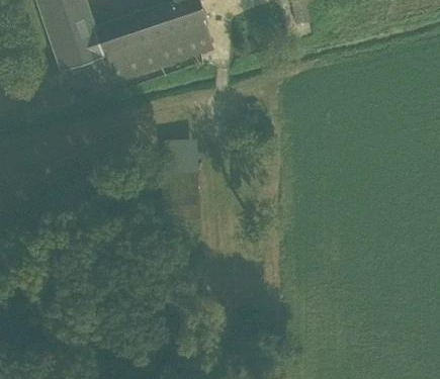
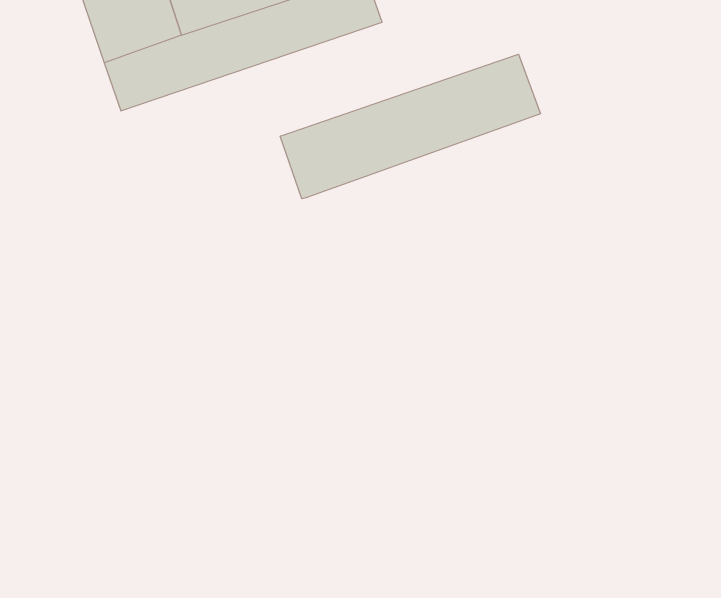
building: none -> [280,54,540,199]

